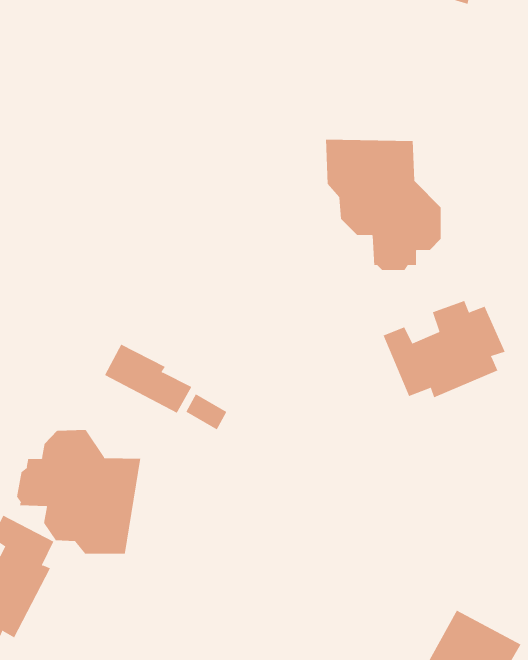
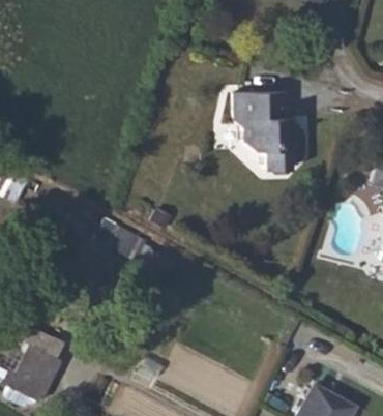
building: [383,300,506,398] -> none
building: [17,429,141,555] -> none

